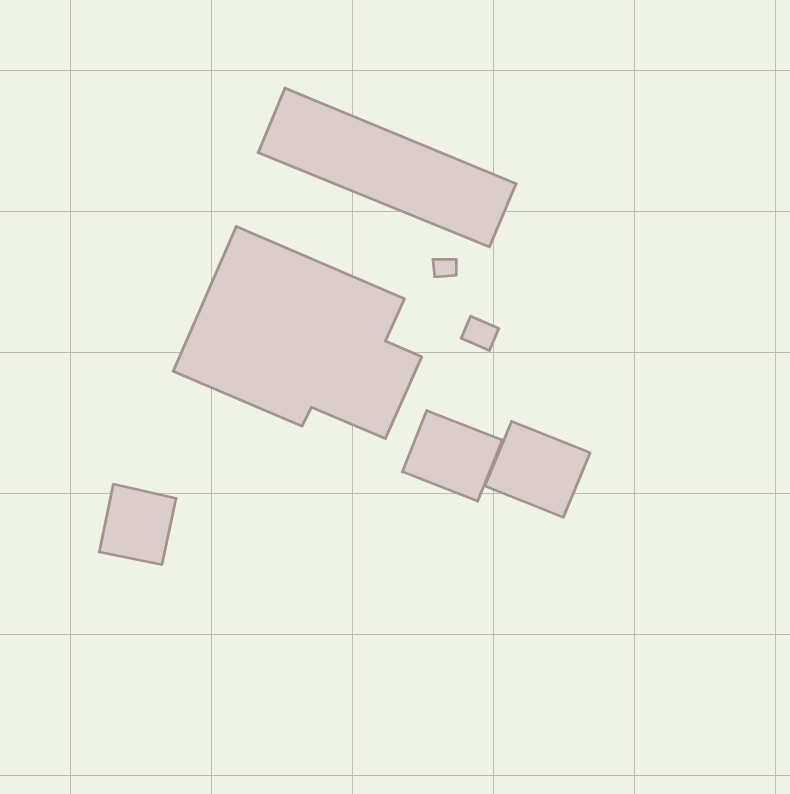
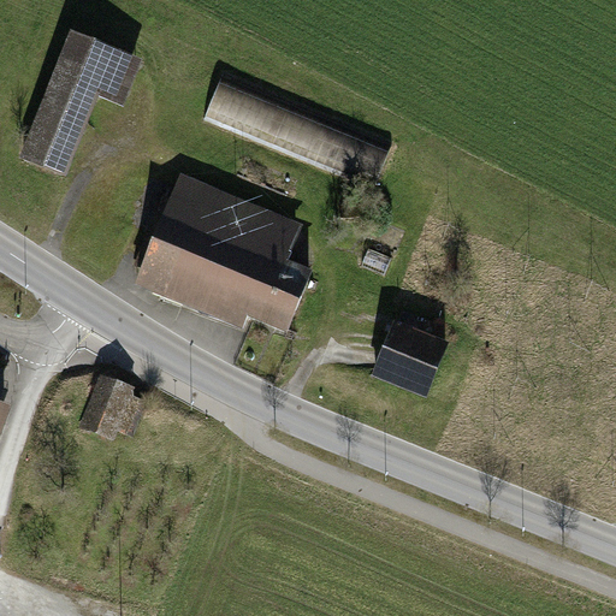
building: none -> [10,26,147,182]
building: [402,410,502,501] -> none

